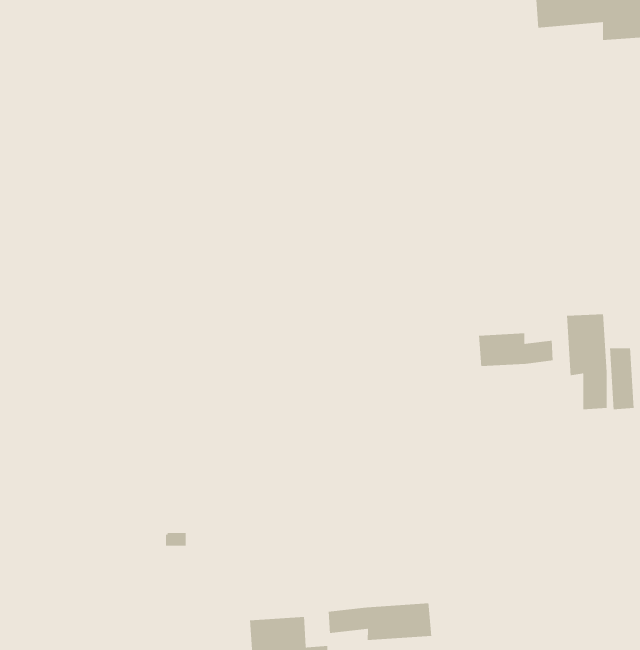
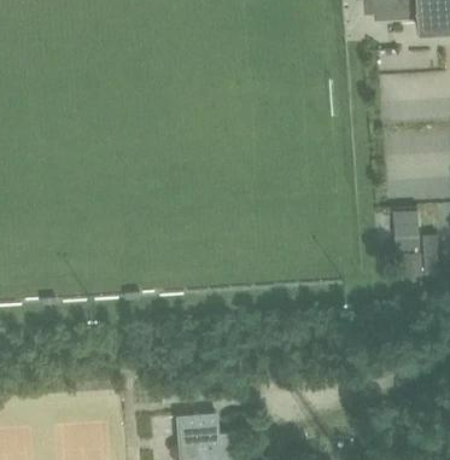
building: [478,332,554,367] -> none
building: [328,603,432,641] -> none

